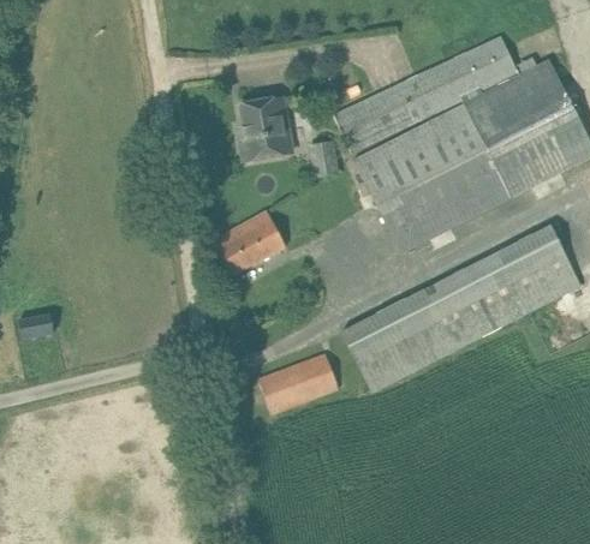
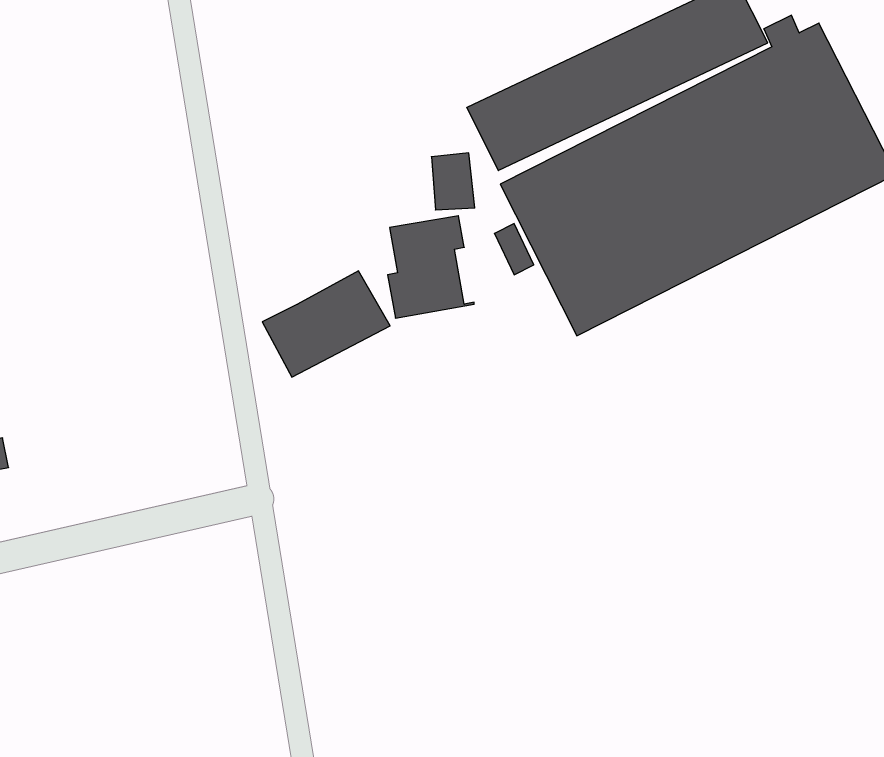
building: [239,97,292,160] -> [388,216,474,318]
building: [342,225,582,390] -> none
building: [258,353,339,413] -> none

